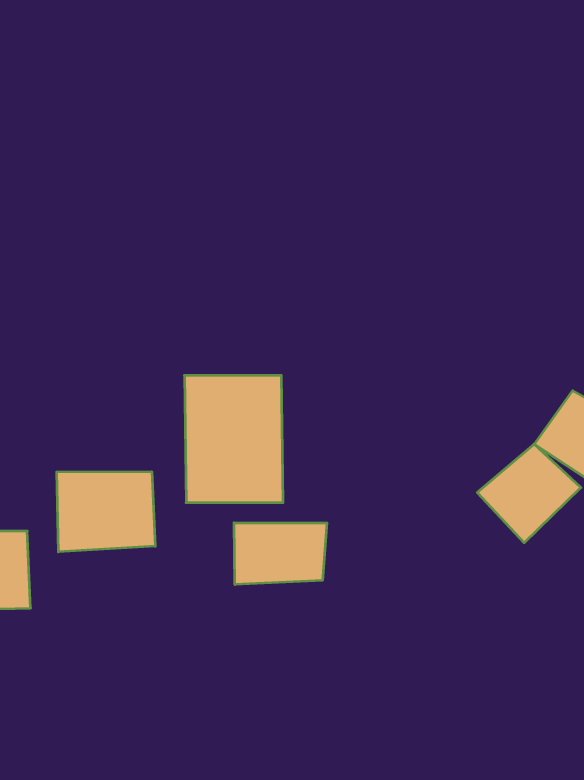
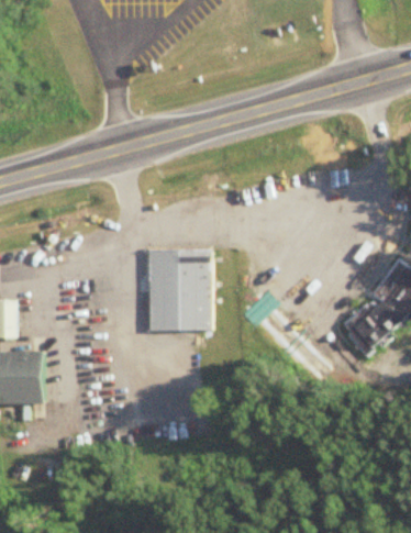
building: [57,472,155,552] -> none
building: [234,523,327,585] -> none

